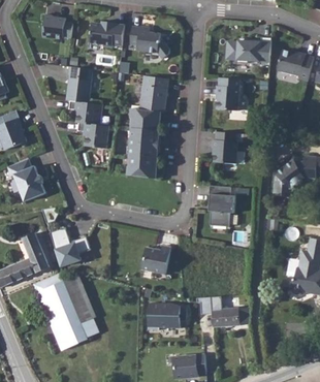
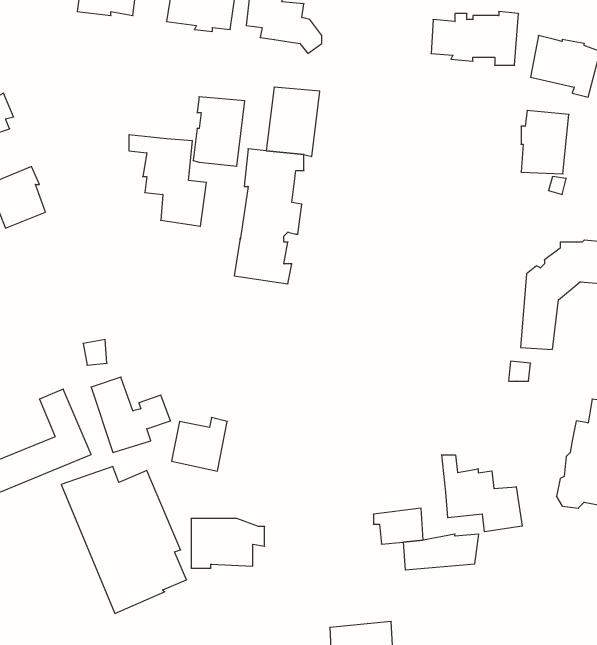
building: [65,66,92,102] -> [193,97,245,166]
building: [215,76,239,109] -> [521,110,569,174]
building: [211,131,236,163] -> none
building: [6,158,44,200] -> none
building: [207,185,234,226] -> none
building: [140,245,169,273] -> [172,417,227,471]
building: none -> [442,455,522,532]
building: [148,303,186,328] -> [191,518,265,568]

